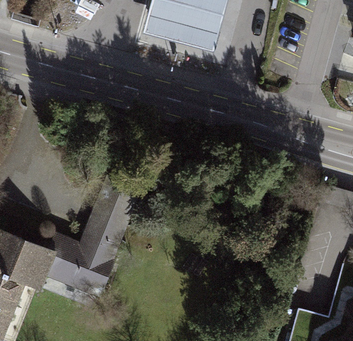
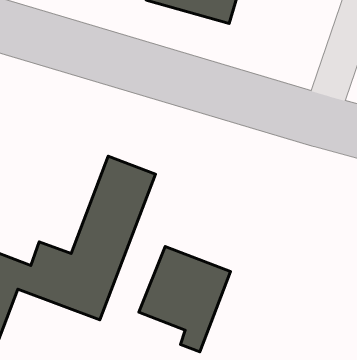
building: none -> [139,247,230,352]

